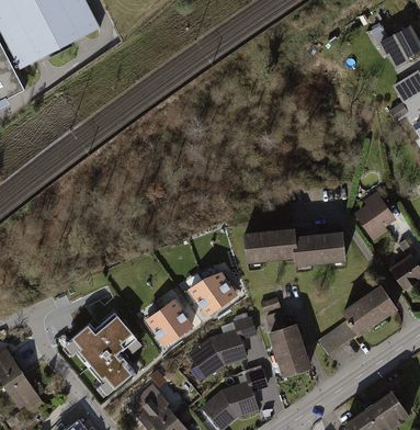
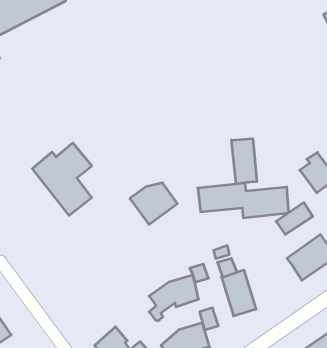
building: none -> [231,139,257,184]
building: [188,272,240,318] -> [130,183,177,224]
building: [147,298,195,347] -> none
building: [69,313,135,393] -> [32,143,92,215]
building: [319,320,360,355] -> [276,203,313,234]

